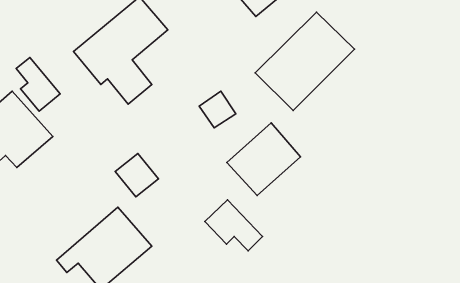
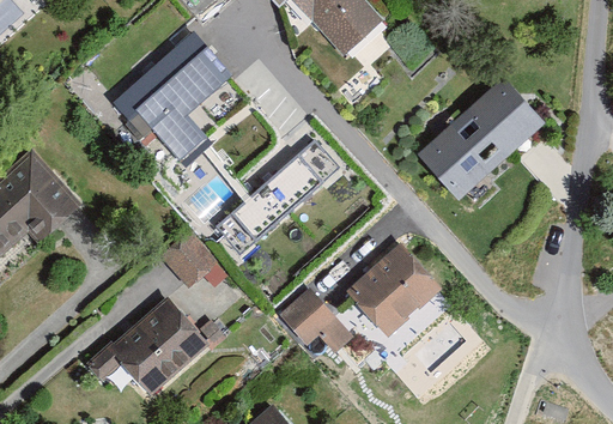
building: [255,12,354,111] -> [425,78,551,202]
building: [16,58,60,111] -> none
building: [227,123,301,196] -> [345,243,438,335]

